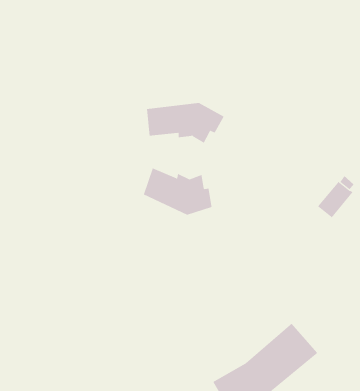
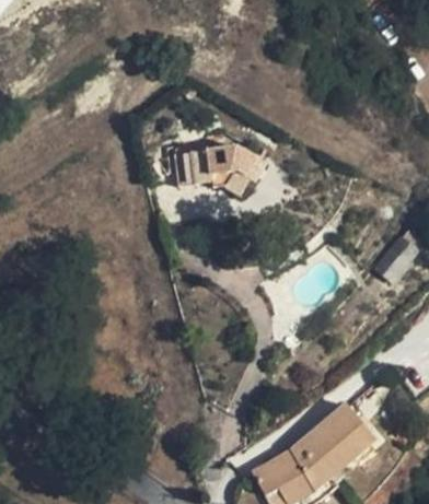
building: [143,168,212,215] -> none

